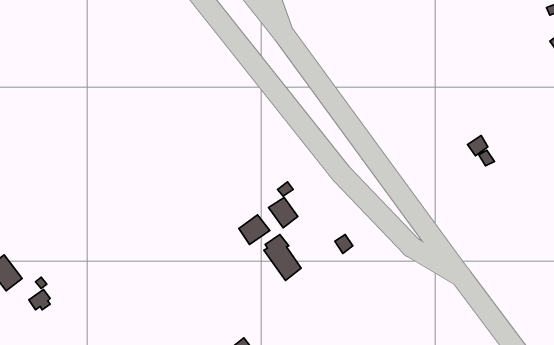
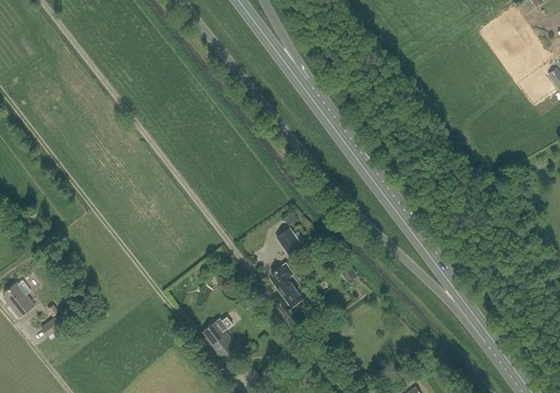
building: [239,215,270,245] -> none
building: none -> [202,316,236,358]

